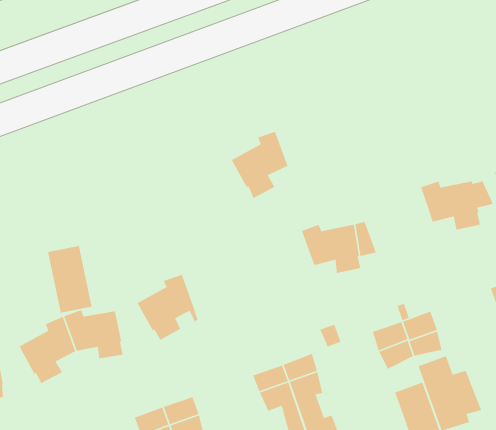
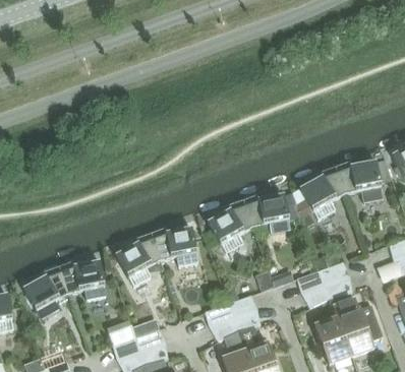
building: [231,131,289,199] -> [208,199,252,252]
building: none -> [299,166,344,219]
building: [47,245,92,314] -> none
building: none -> [151,227,197,265]

